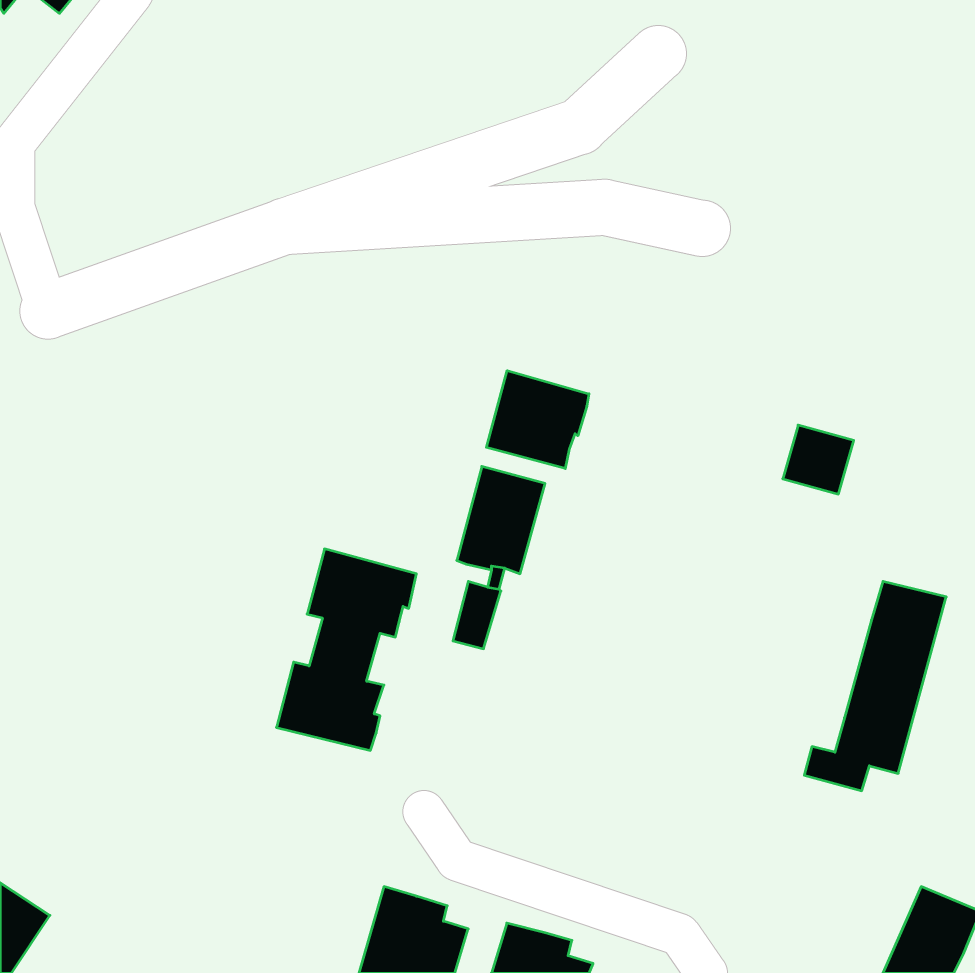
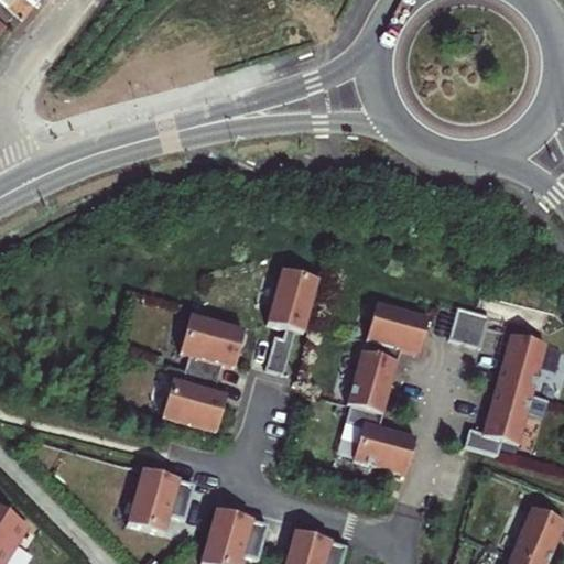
building: [486,371,589,469] -> none
building: [783,425,854,494] -> [448,306,489,346]
building: none -> [346,302,429,474]
building: none -> [129,465,192,528]

